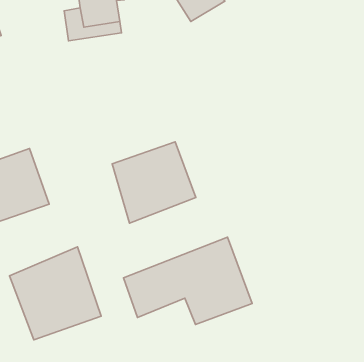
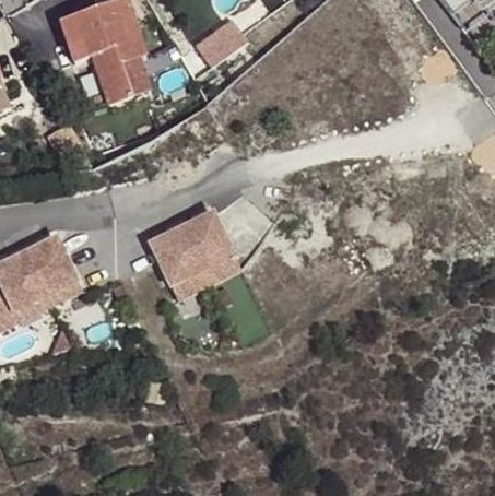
building: [123,237,252,324] -> none
building: [9,247,101,340] -> none

